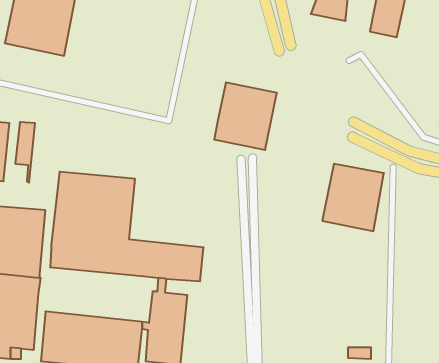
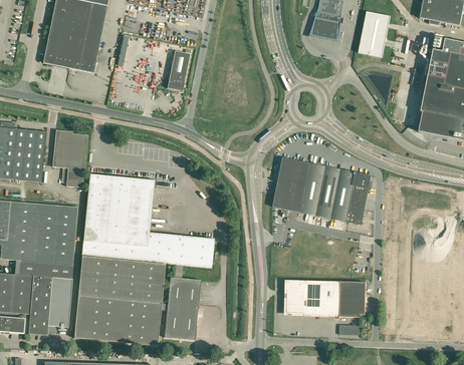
building: none -> [168,50,191,91]
building: [214,82,277,150] -> [273,157,327,216]
building: none -> [64,131,87,188]
building: none -> [78,256,166,303]
building: none -> [285,280,366,317]

